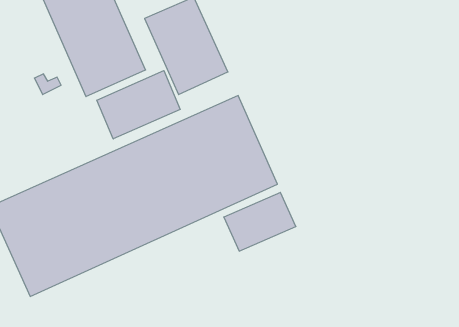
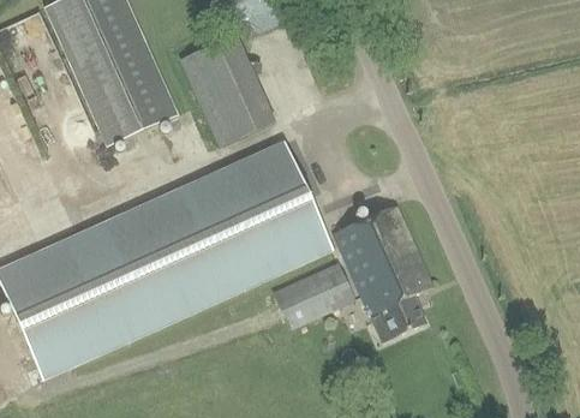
building: [97,71,180,139] -> none
building: none -> [333,203,432,342]

